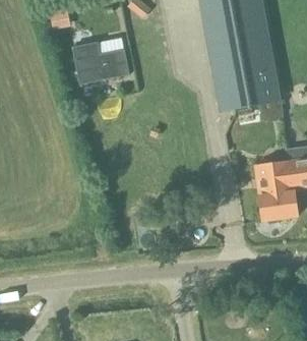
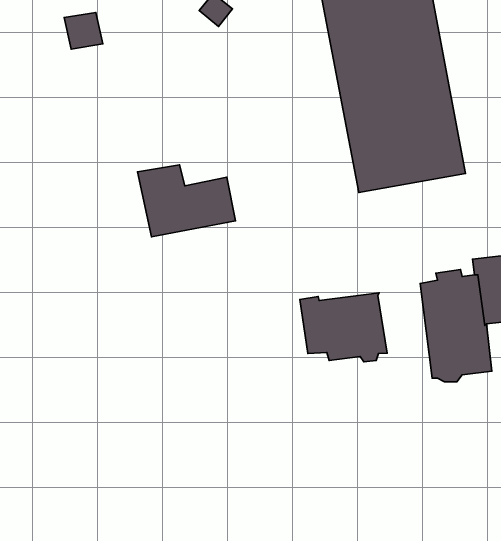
building: [72,43,129,84] -> [138,165,236,237]
building: none -> [300,293,387,362]

